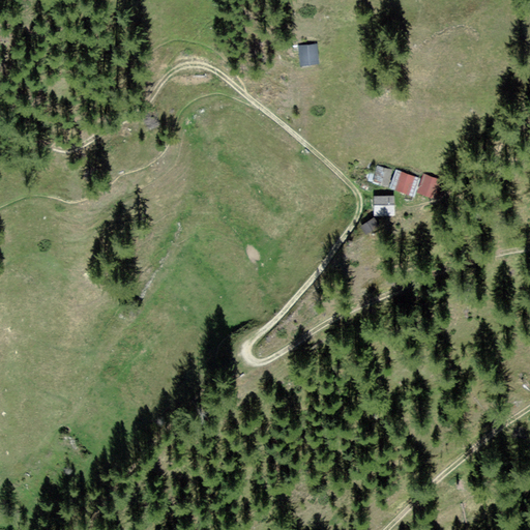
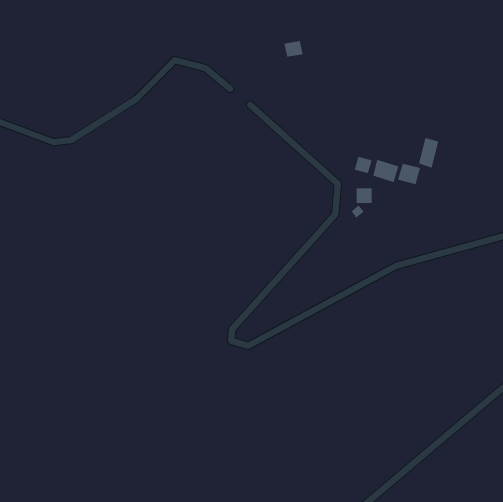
building: none -> [418,137,439,169]

